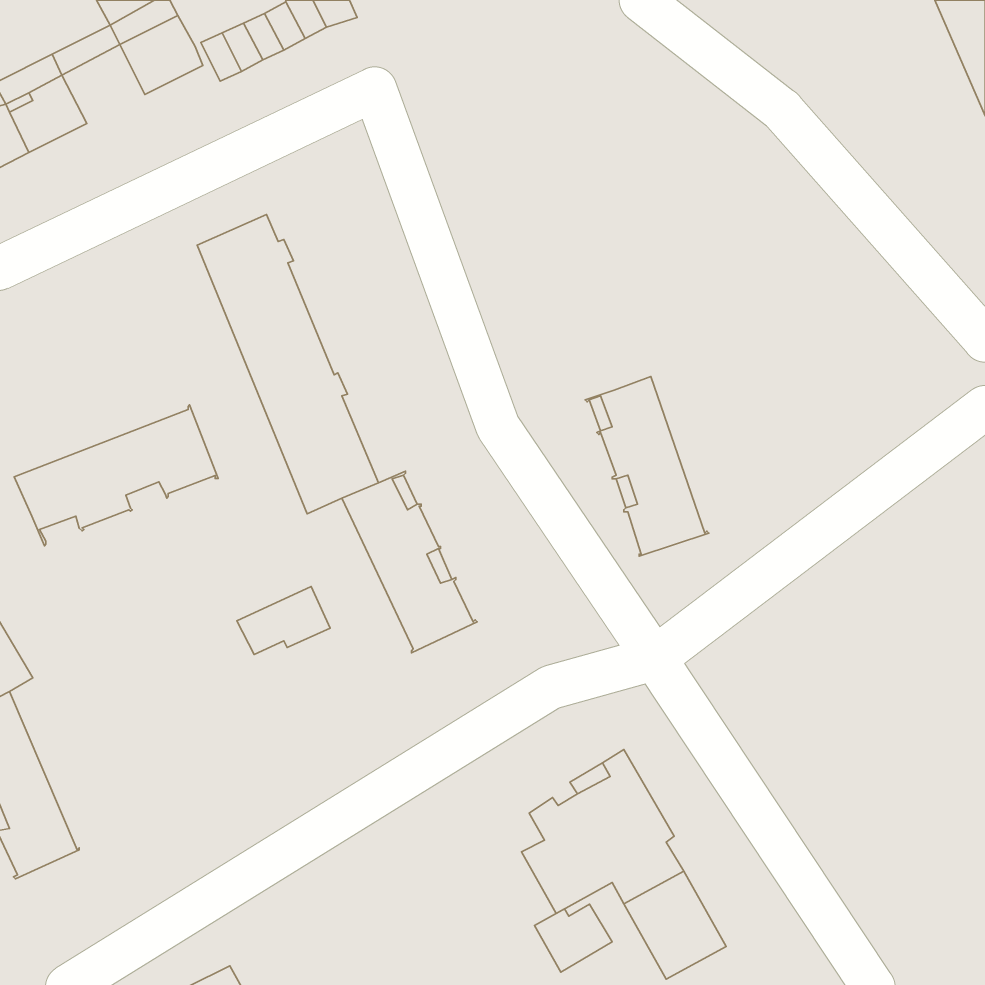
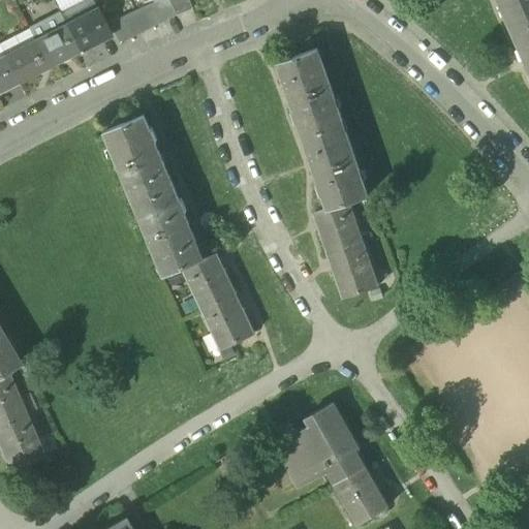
building: none -> [33,25,77,67]
building: none -> [278,50,368,210]
building: [14,405,218,546] -> none
building: [237,586,330,655] -> none
building: [534,904,612,972] -> none

